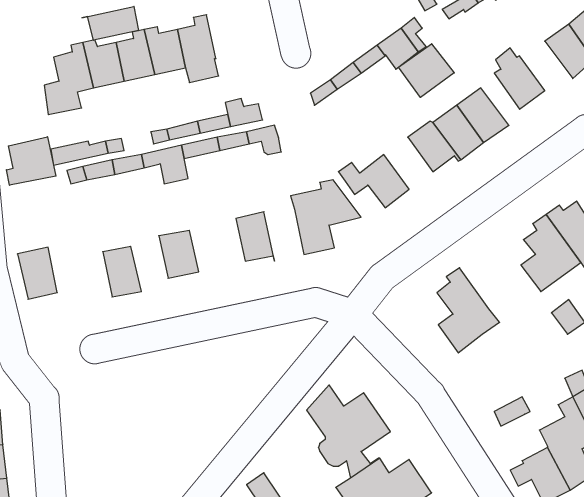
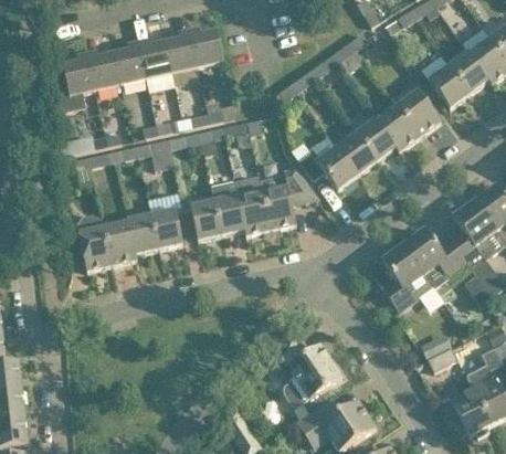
building: [82,6,138,40] -> none
building: none -> [190,28,224,66]
building: none -> [450,50,494,93]
building: [399,44,454,97] -> none
building: [6,137,56,185] -> none
building: none -> [337,131,378,175]
building: none -> [235,176,271,234]
building: none -> [190,199,222,240]
building: none -> [127,213,158,260]
building: [17,247,57,299] -> [78,226,112,270]
building: none -> [400,229,467,275]

